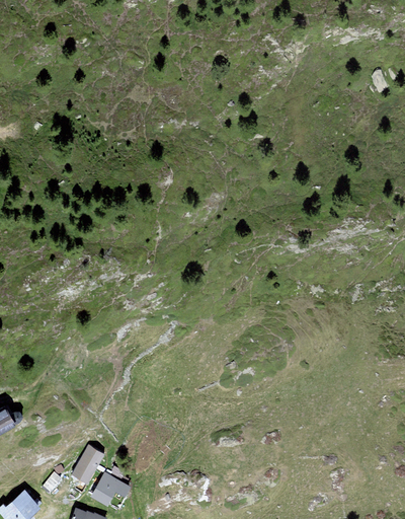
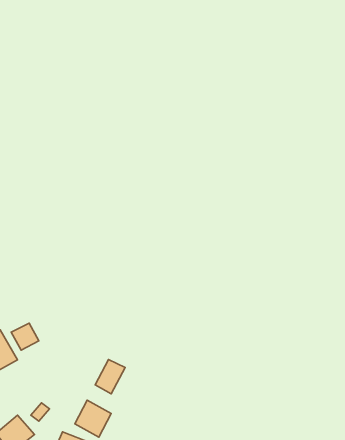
building: none -> [11,323,39,350]
building: [71,446,105,486] -> [95,359,125,394]

